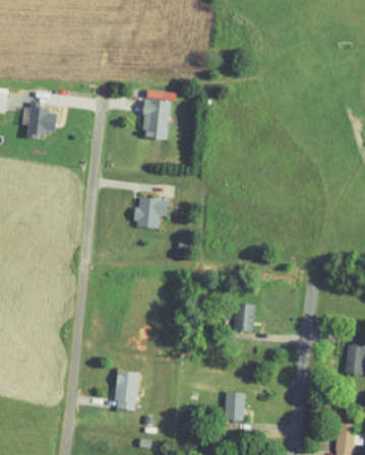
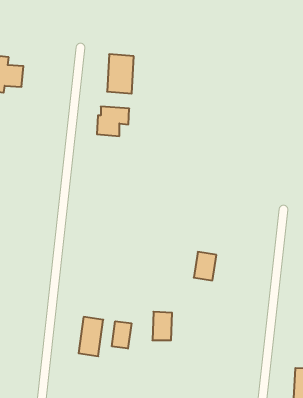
building: [134,197,168,228] -> [97,107,129,136]
building: none -> [112,321,131,349]
building: [224,391,244,420] -> [152,312,172,340]

